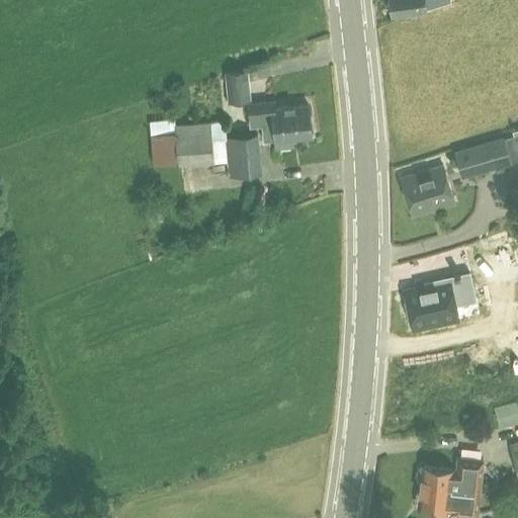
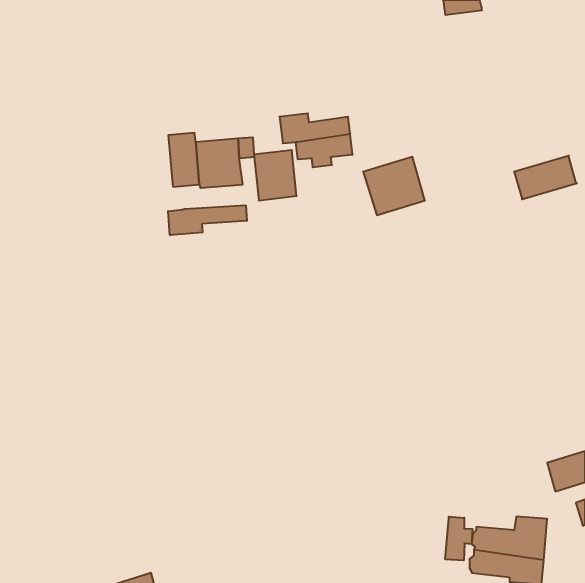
building: [225,71,250,105] -> none
building: [400,167,454,219] -> [363,157,425,215]
building: none -> [168,205,247,235]
building: [404,270,476,331] -> none
building: none -> [445,517,472,560]

